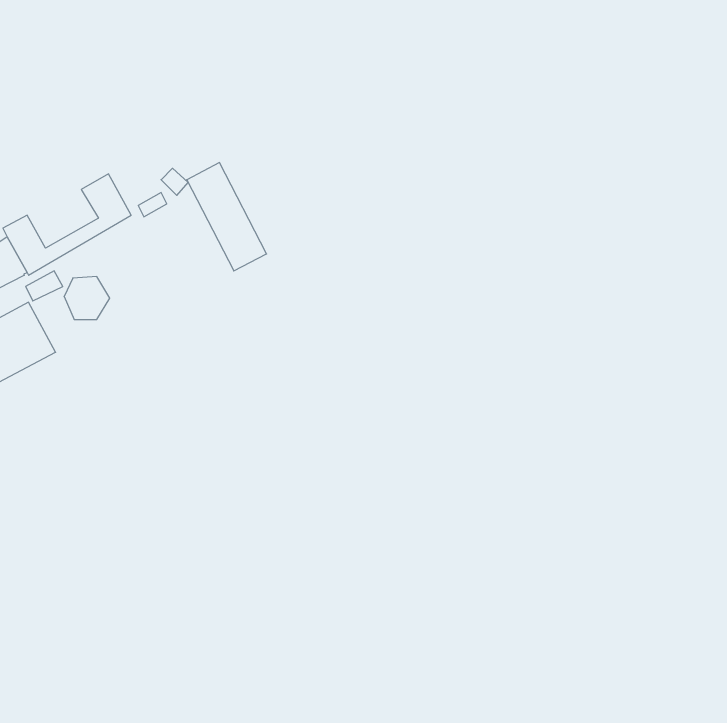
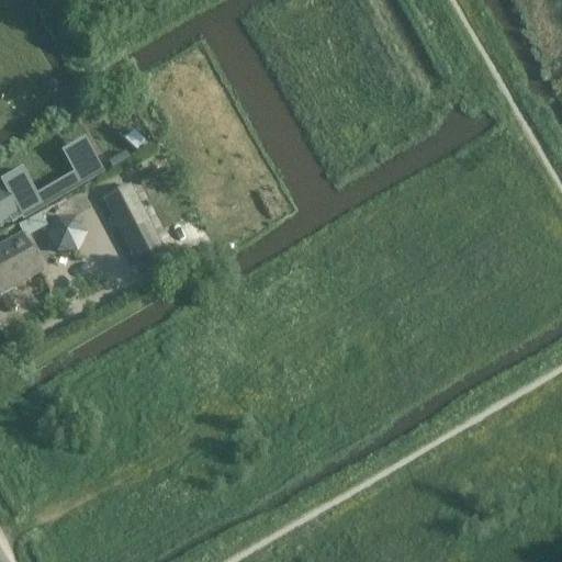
building: [187,163,267,271] -> [104,182,166,266]

